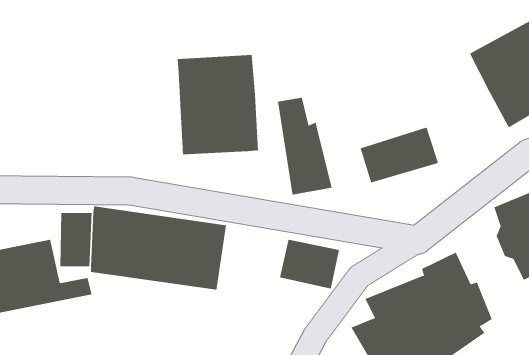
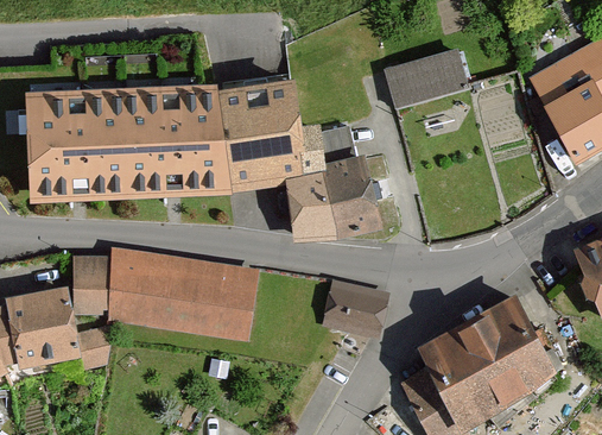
building: none -> [21,97,211,201]
building: none -> [285,121,334,239]
building: [360,127,439,183] -> [381,48,469,111]

